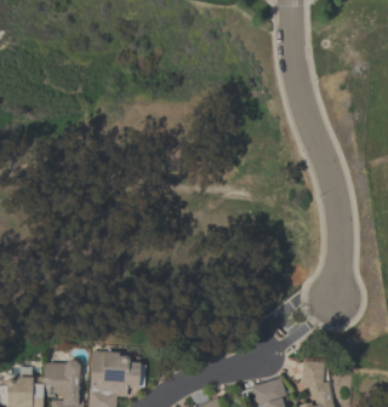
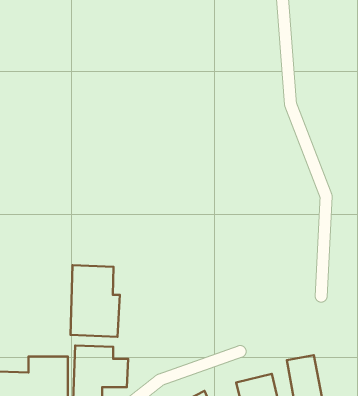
building: none -> [71,265,120,337]

